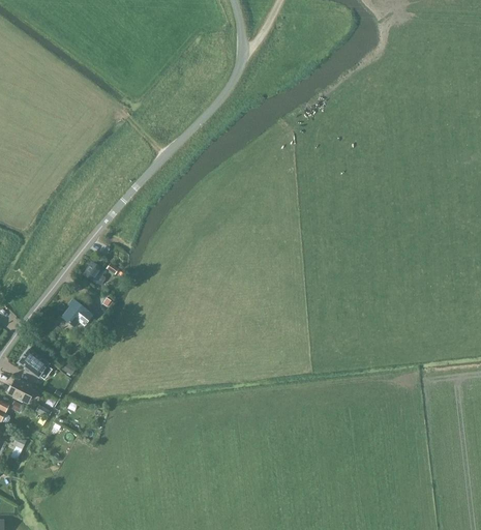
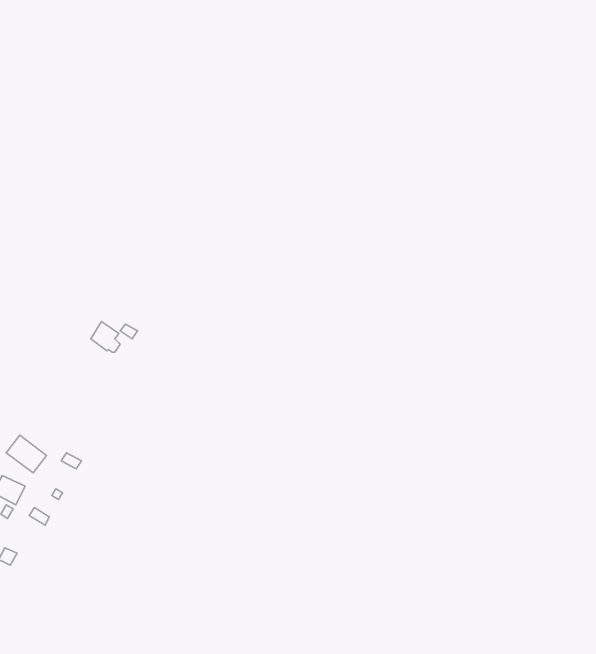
building: [61,301,92,327] -> none

